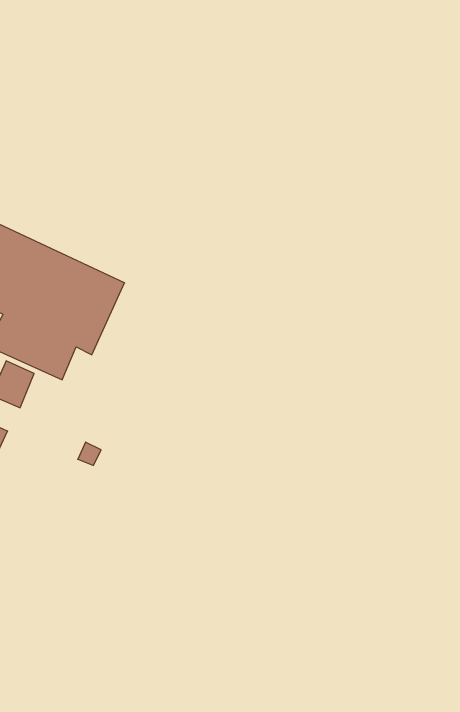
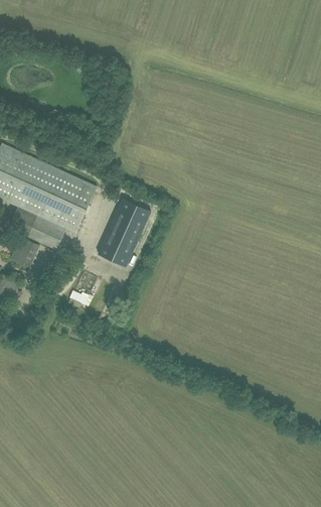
building: none -> [99,198,152,265]

